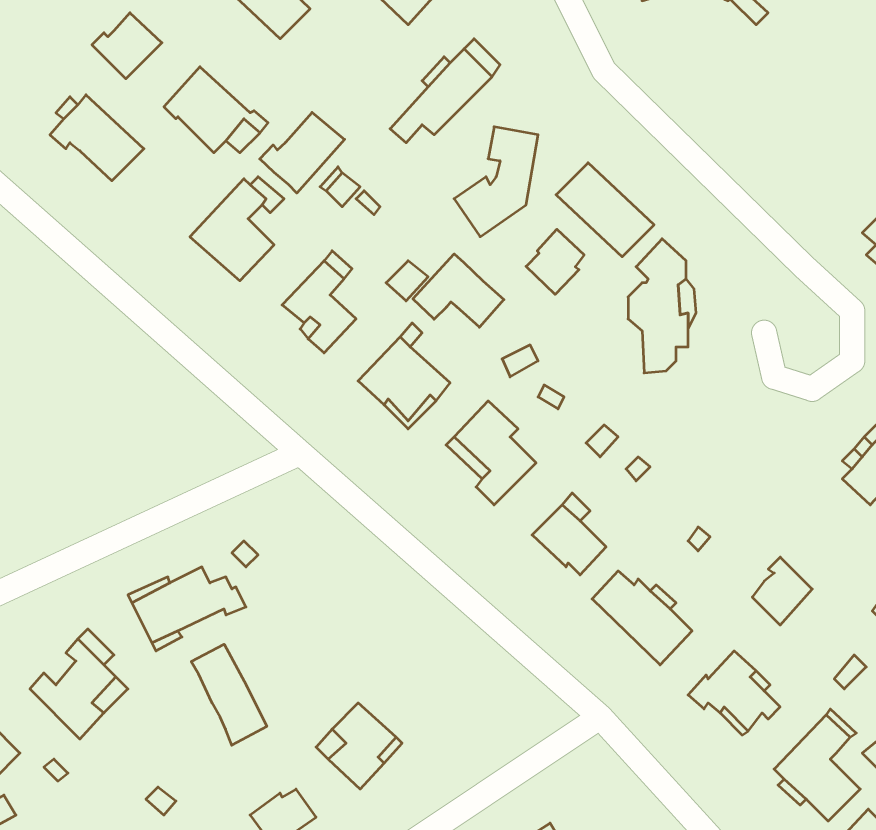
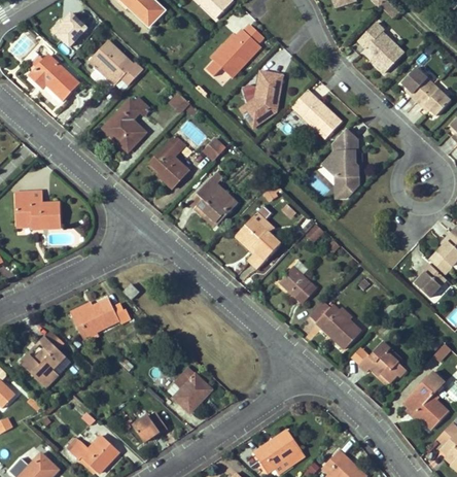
building: none -> [359,23,405,73]
building: [260,112,345,193] -> none
building: none -> [400,67,449,114]
building: [526,229,584,294] -> none
building: [413,254,504,327] -> none
building: none -> [14,191,60,228]
building: [752,557,812,625] -> [415,263,446,298]
building: [191,644,267,745] -> none

